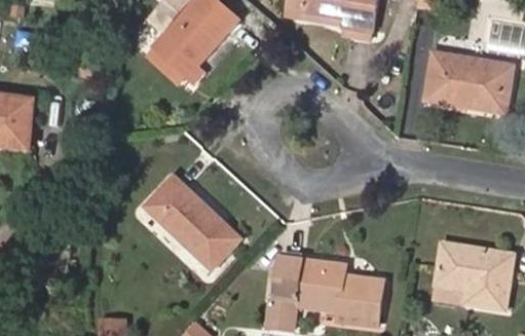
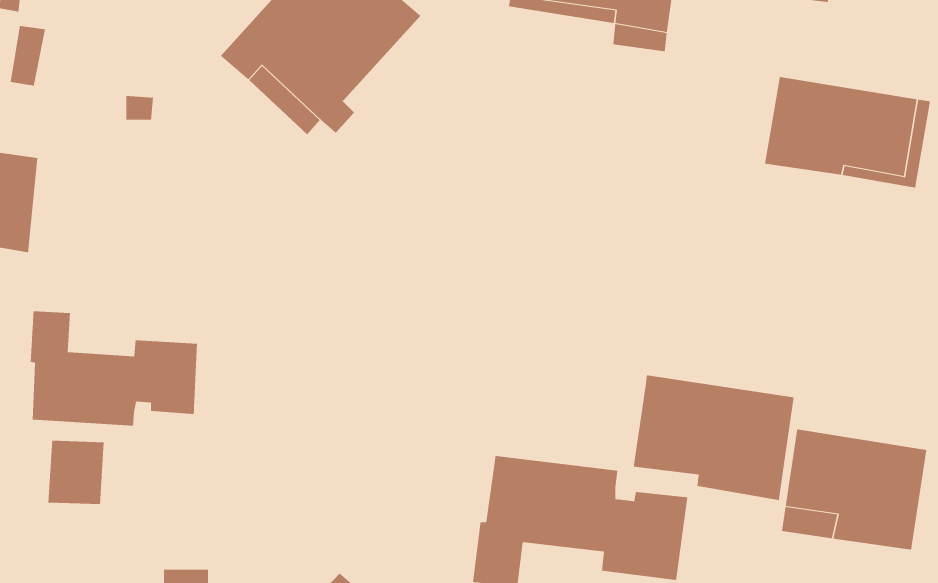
building: [147,177,239,268] -> none
building: none -> [30,310,197,426]
building: none -> [633,375,794,501]

